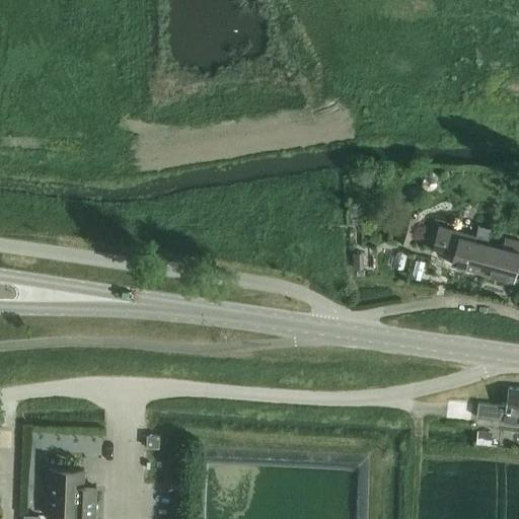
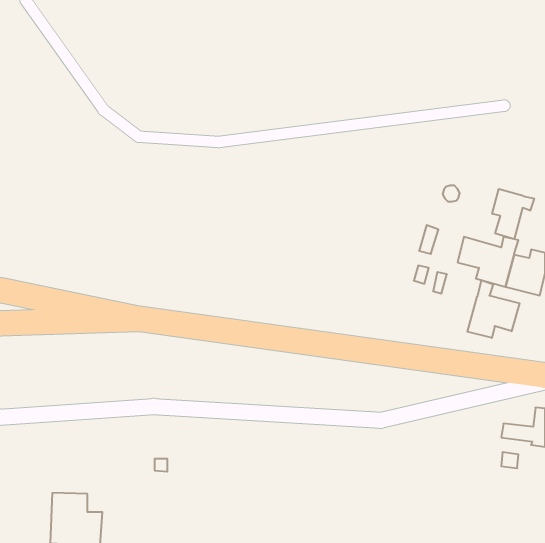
building: none -> [492,189,534,239]
building: none -> [467,280,520,338]

